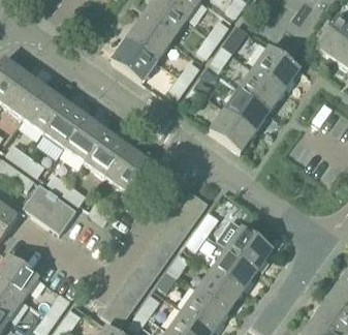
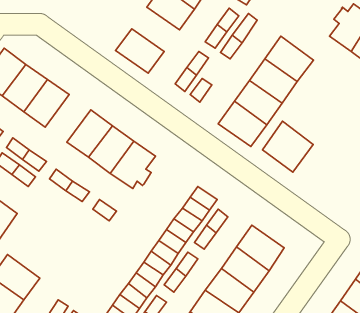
building: [126,18,171,60] -> none
building: [43,101,87,147] -> none
building: none -> [263,121,313,172]
building: [22,183,76,234] -> none

